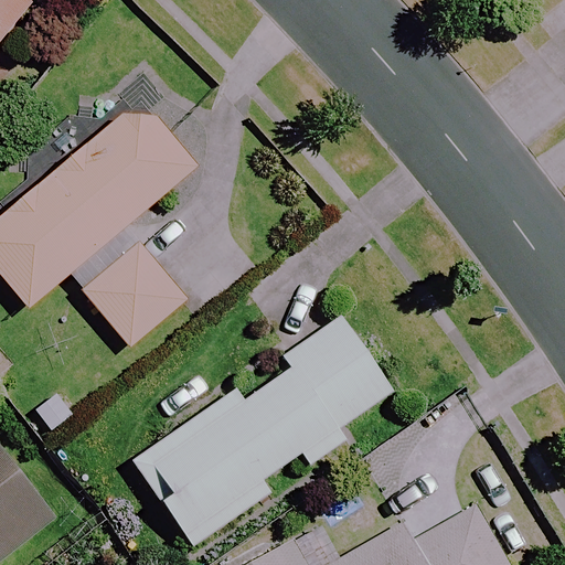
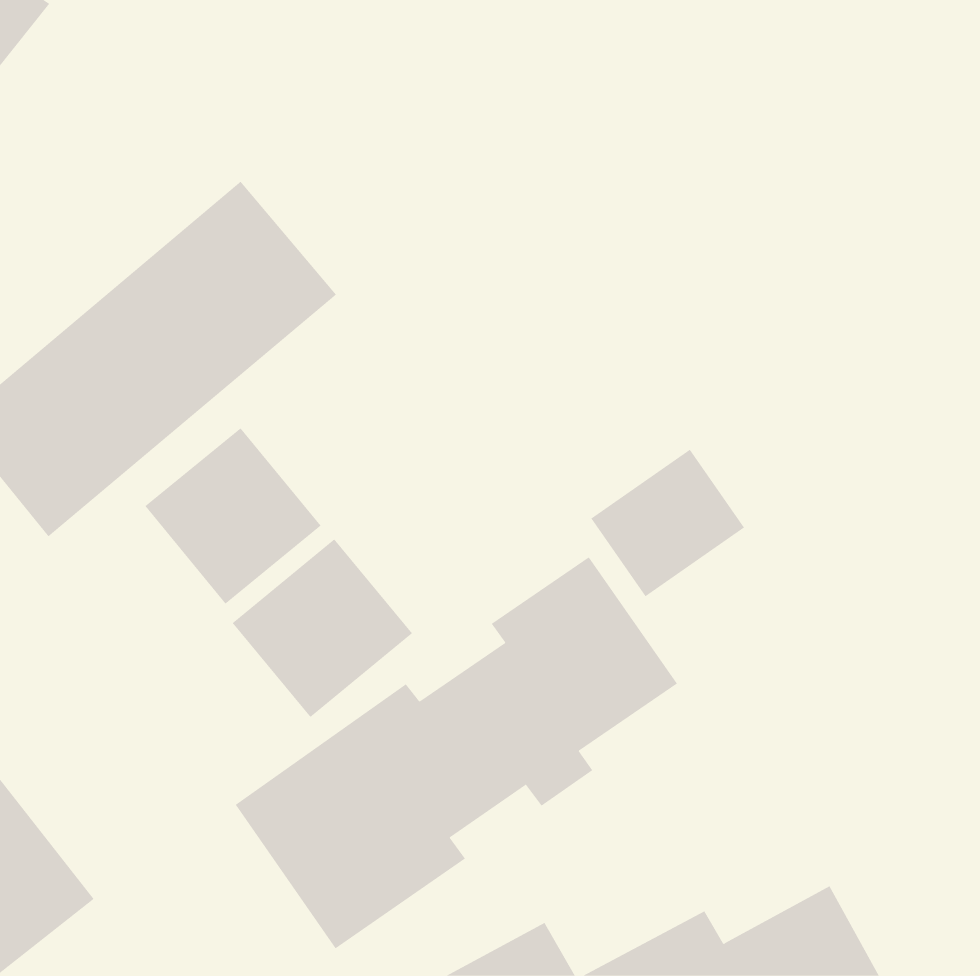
building: none -> [591,449,745,597]
building: none -> [232,539,413,718]

